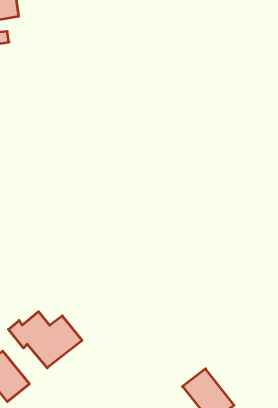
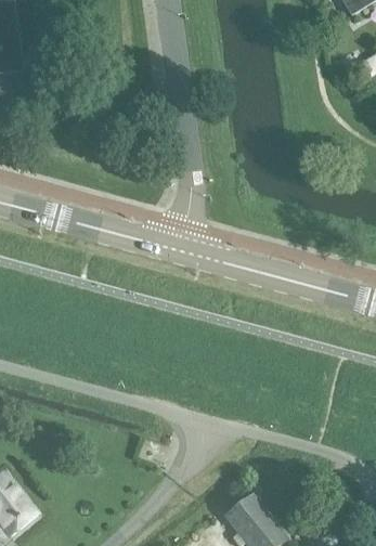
building: [8,312,82,368] -> none

